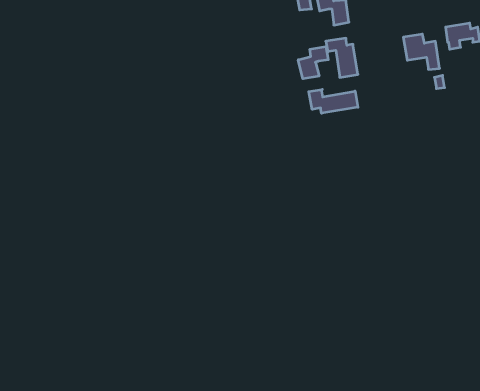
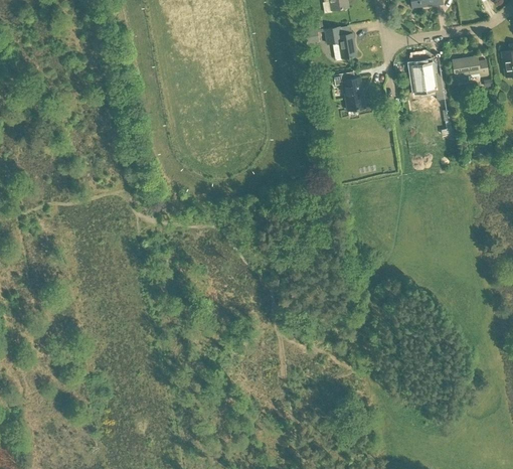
building: [298,46,328,79] -> none
building: [309,89,358,113] -> none

